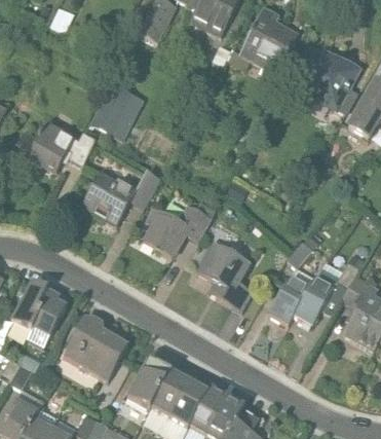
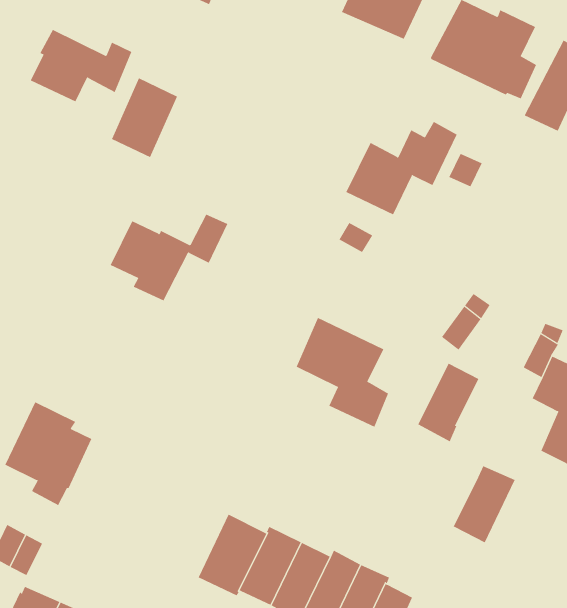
building: [30,122,94,169] -> [30,29,132,102]
building: [144,199,216,256] -> [346,121,458,215]
building: [293,276,334,324] -> [452,466,515,543]
building: [64,316,128,378] -> none

